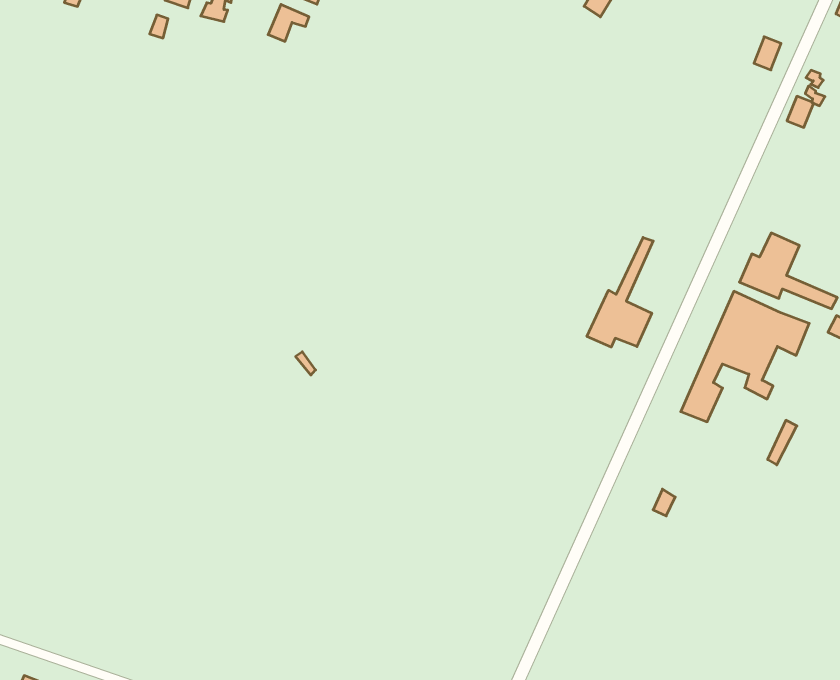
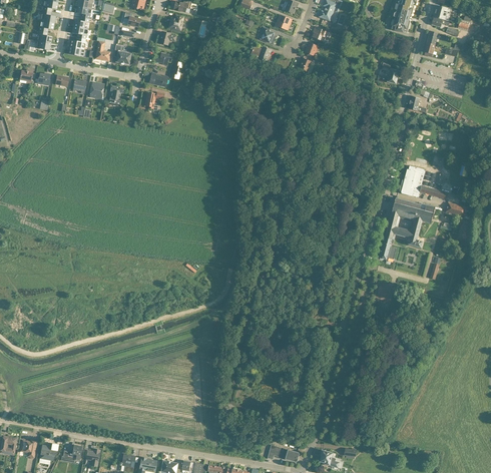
building: [587,237,653,347] -> none

